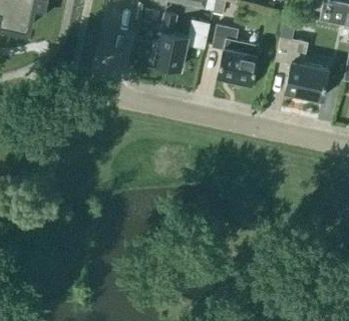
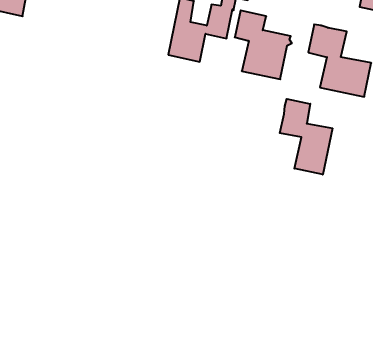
building: none -> [280,99,332,175]

